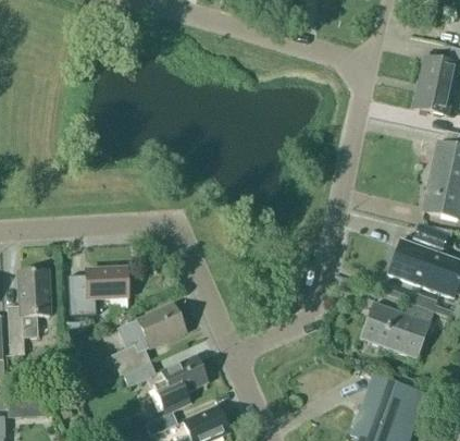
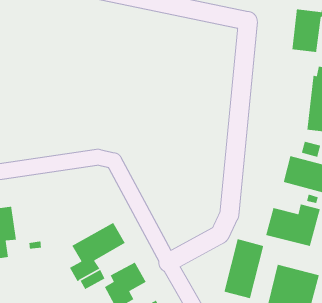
building: [72,268,127,313] -> none
building: none -> [223,238,264,299]

